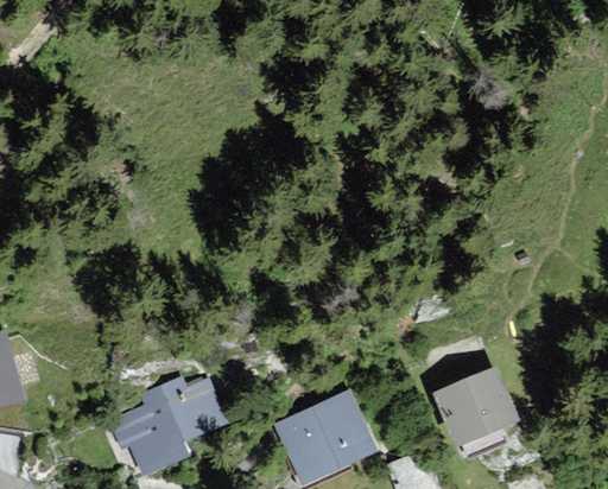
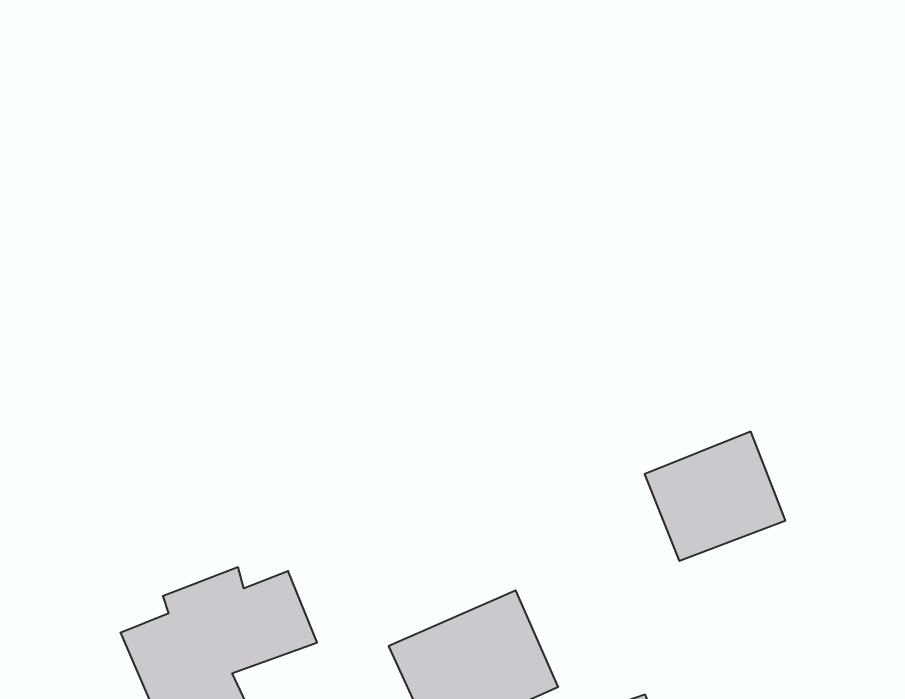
building: [439,367,526,446] -> [645,432,785,561]

